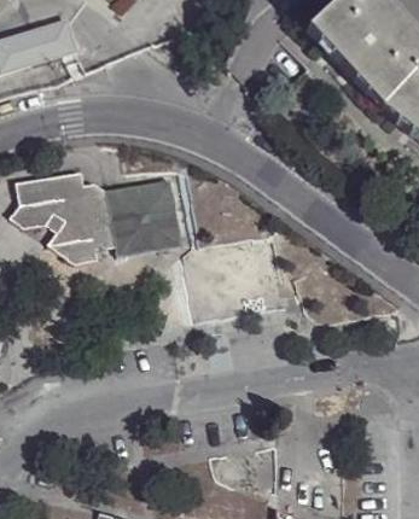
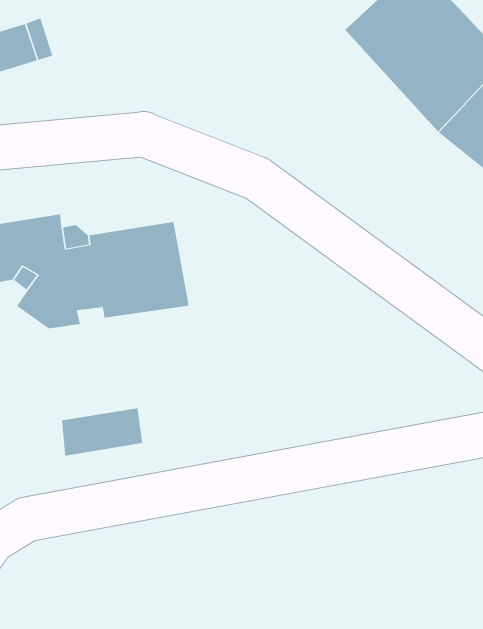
building: none -> [61,407,143,456]

